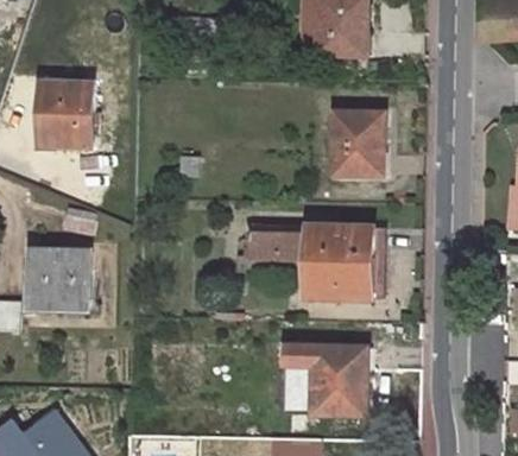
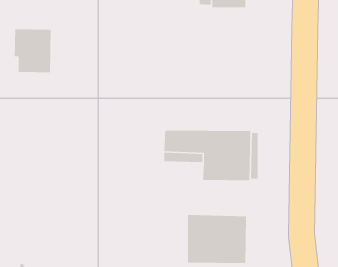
building: [333,110,383,172] -> none
building: [31,248,99,310] -> none

